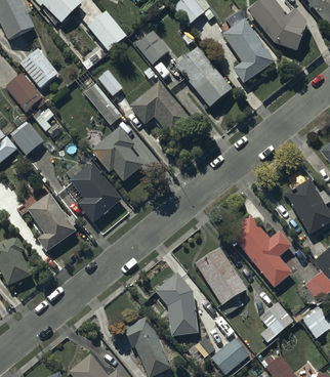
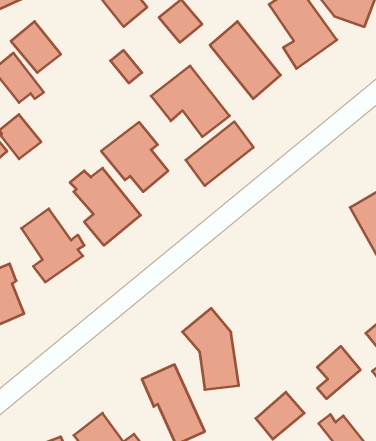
building: [84,83,122,125] -> none
building: none -> [186,122,253,186]
building: [228,215,291,287] -> none
building: [195,248,246,311] -> none

